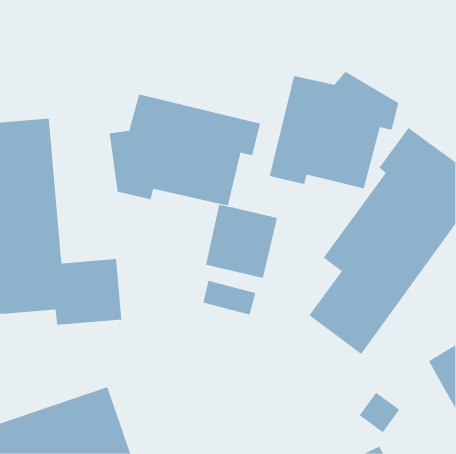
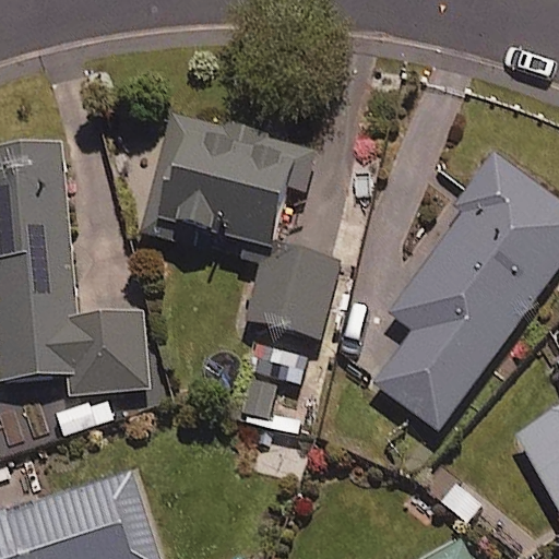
building: [269,71,399,189] -> none

